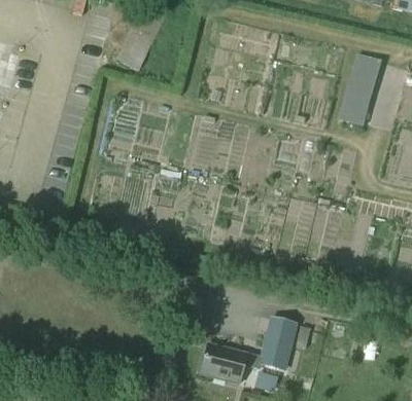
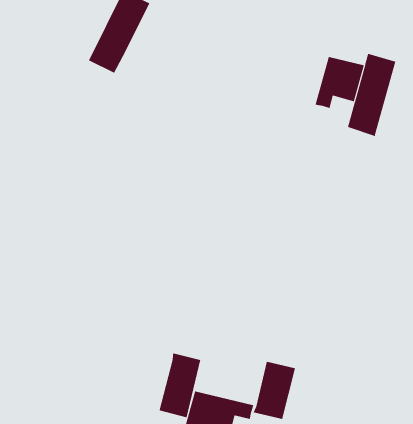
building: none -> [315,56,364,109]
building: none -> [159,352,201,418]

